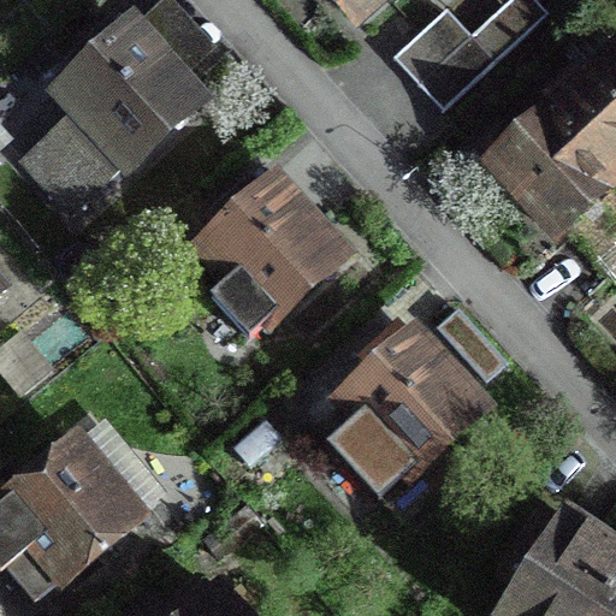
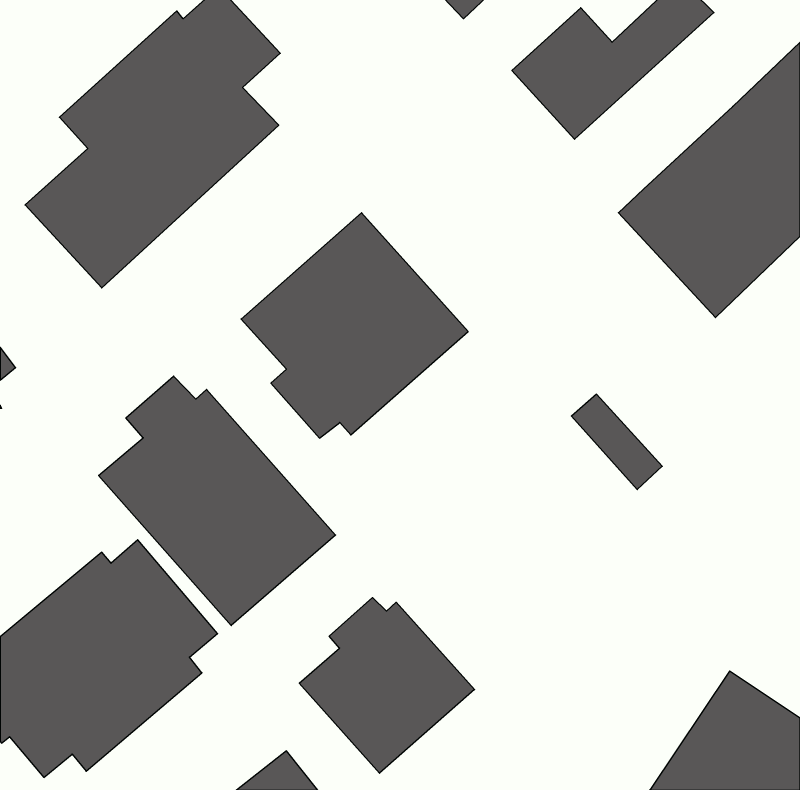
building: none -> [99,376,336,626]
building: [325,315,498,500] -> none
building: none -> [299,598,475,773]

